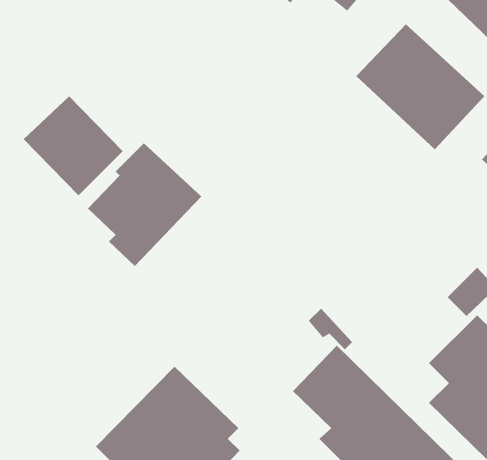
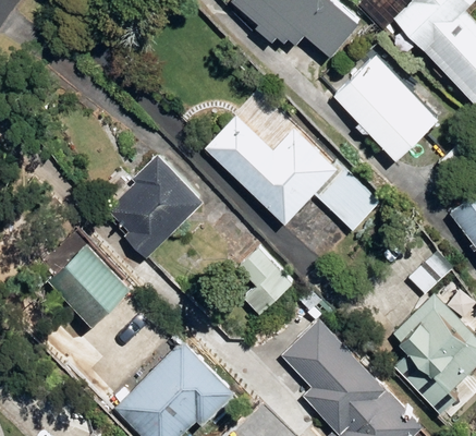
building: none -> [202,116,378,234]
building: [23,96,123,196] -> [49,237,132,319]
building: none -> [232,252,289,322]

